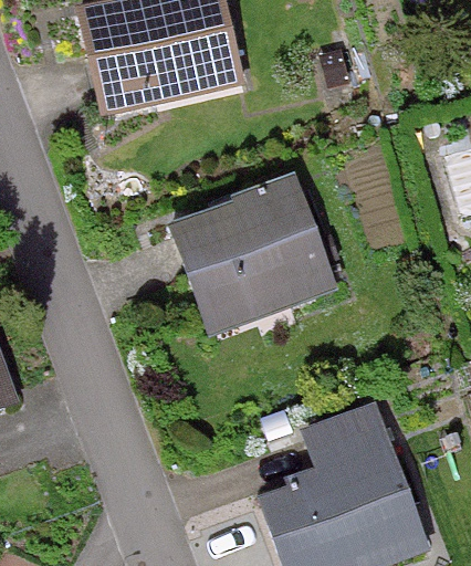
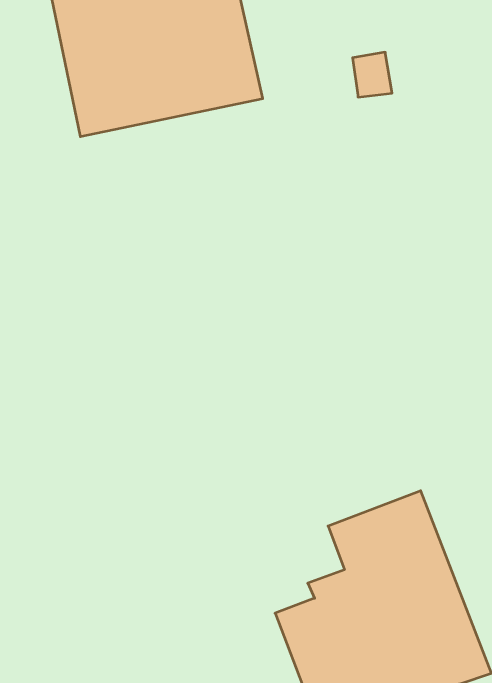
building: [167,170,336,335] -> none

